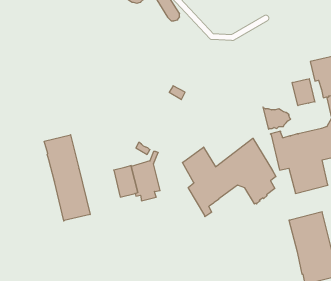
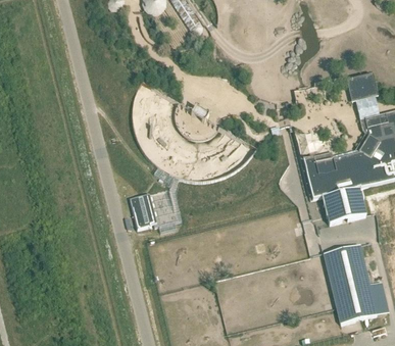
building: [292,79,315,106] -> none
building: [44,135,90,221] -> none
building: [182,138,276,217] -> none

